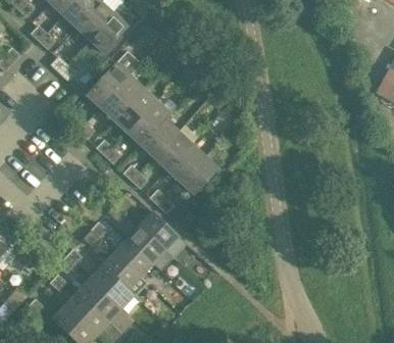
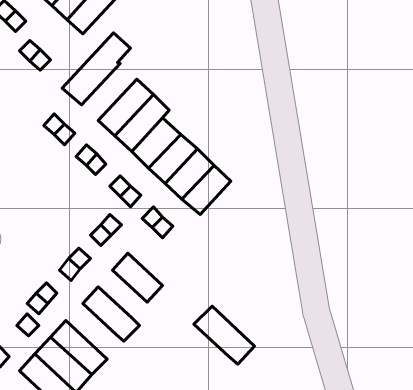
building: [100,76,144,120] -> none
building: [137,211,185,257] -> [194,306,255,364]
building: [113,239,152,277] -> none
building: [88,265,134,309] -> none

